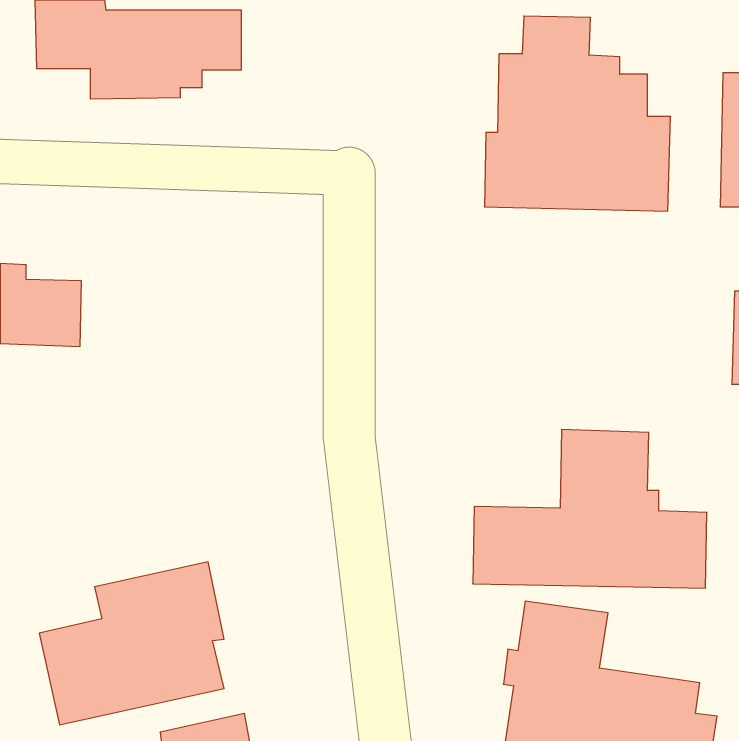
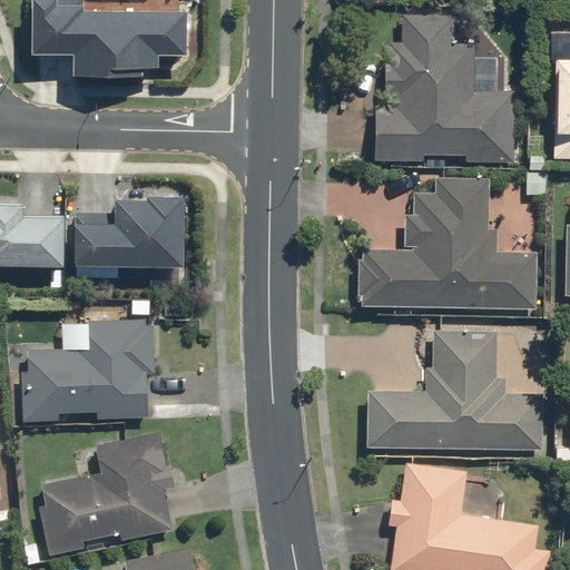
building: none -> [356,178,539,311]
building: none -> [73,196,185,267]
building: none -> [19,320,157,422]

